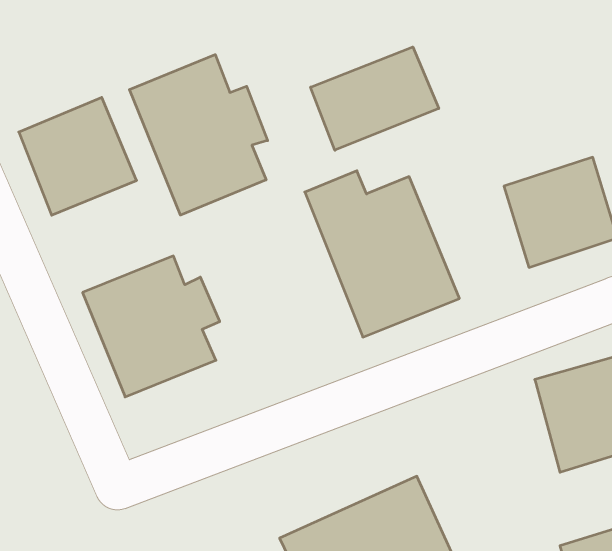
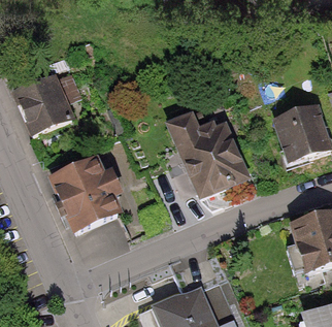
building: [311,47,439,150] -> none
building: [129,55,268,215] -> none

